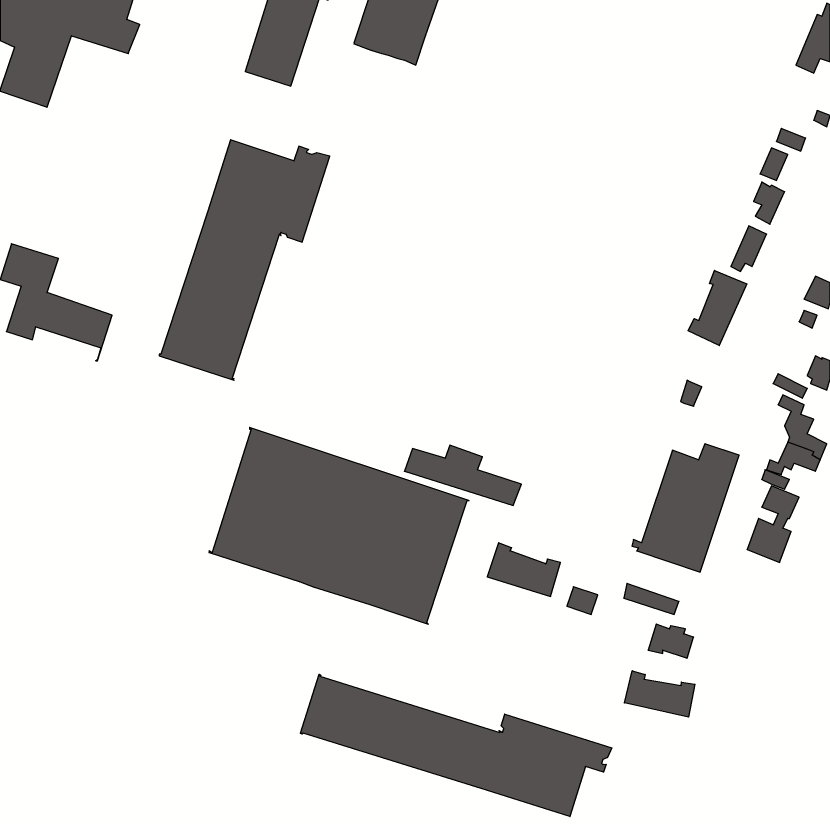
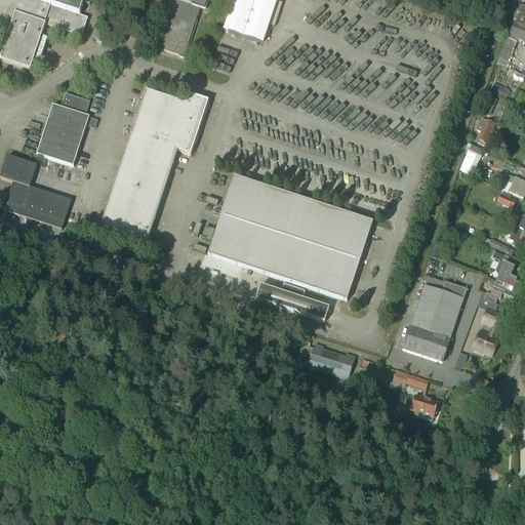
building: none -> [37,91,90,164]
building: [688,270,747,346] -> none
building: [209,427,469,624] -> [208,174,372,298]
building: [624,671,695,717] -> none
building: [300,674,612,817] -> none

